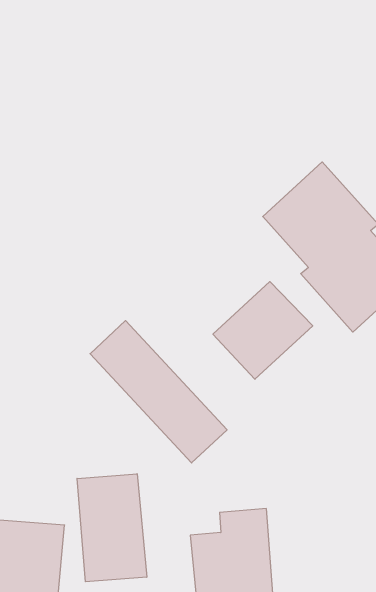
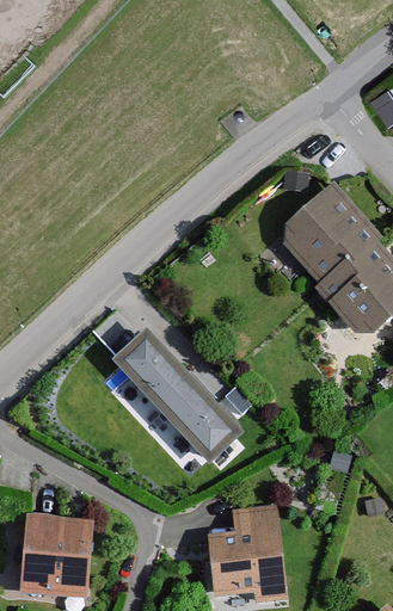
building: [213,282,313,379] -> none
building: [77,474,147,582] -> none

